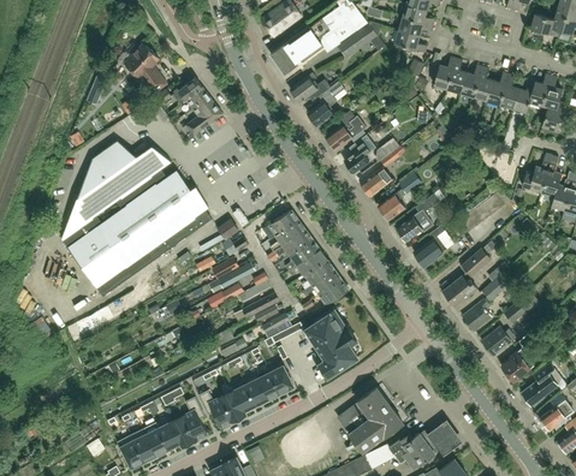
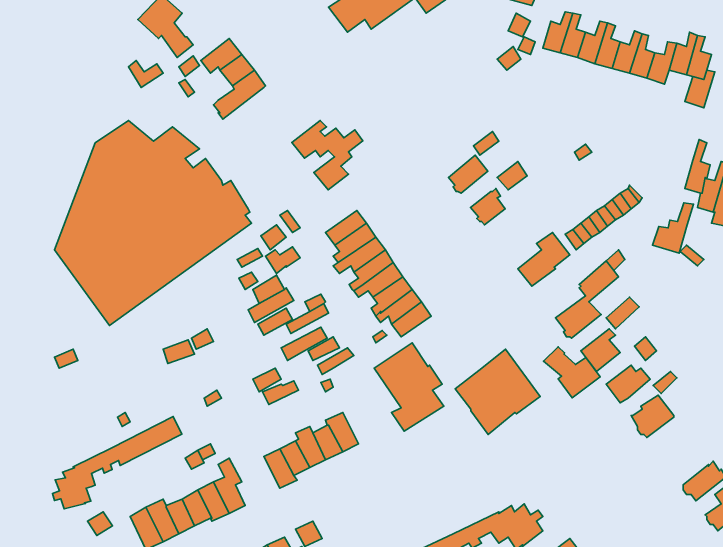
building: [291,73,345,126] -> [292,120,363,190]
building: [326,111,367,150] -> none
building: [345,135,376,173] -> none
building: [522,154,553,192] -> [652,203,693,253]
building: [397,194,440,242] -> none
building: none -> [544,347,600,398]
building: [521,363,558,406] -> none
building: none -> [52,417,182,509]
building: [338,387,403,452] -> [455,349,540,434]
building: [200,391,233,427] -> none
building: [427,420,462,457] -> none

